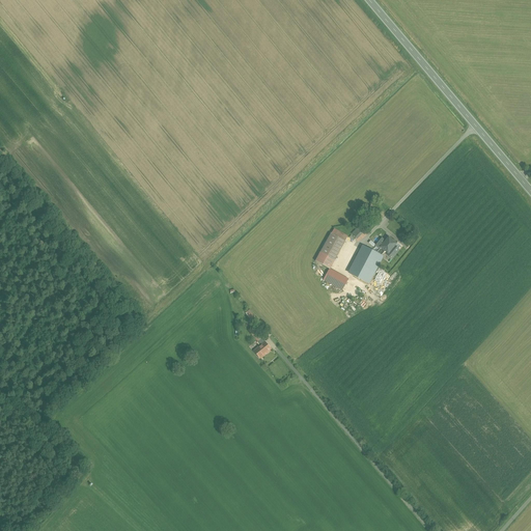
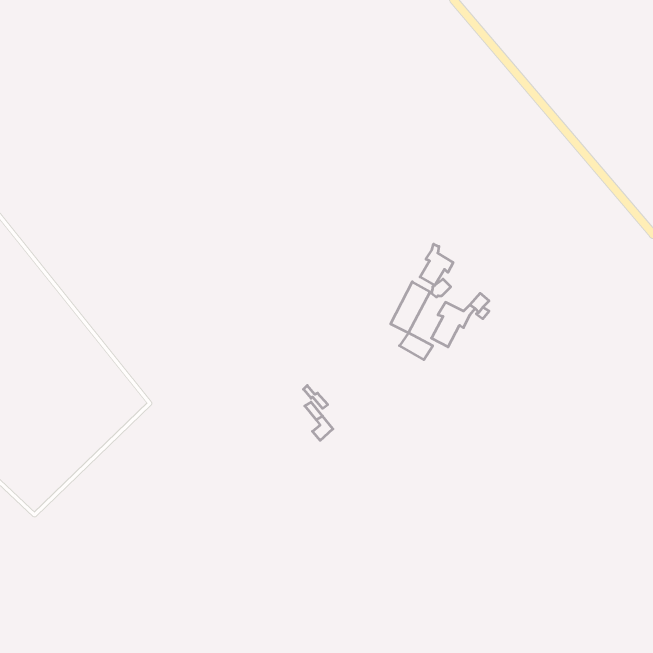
building: none -> [420,244,453,285]

